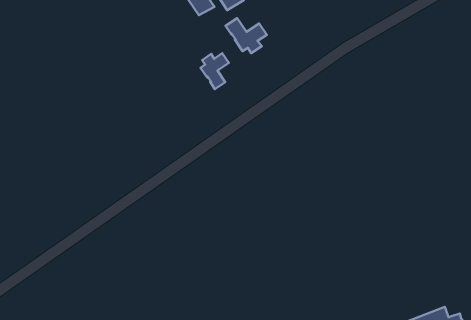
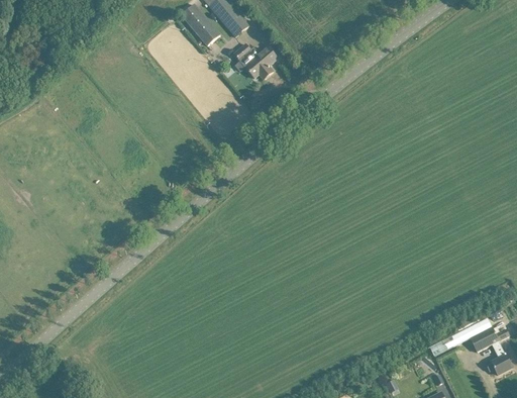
building: [201,53,229,89] -> none

